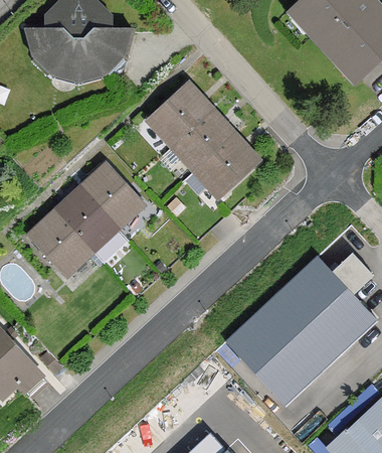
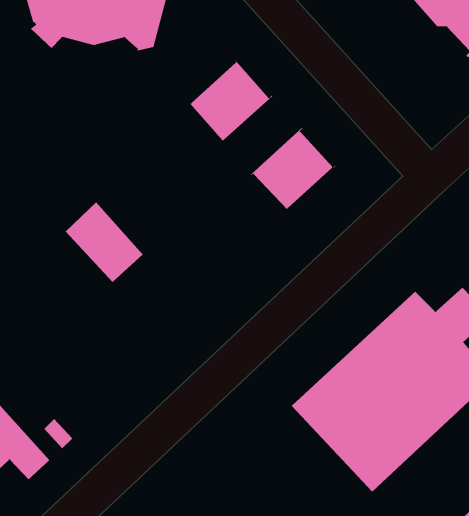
building: [172,111,232,169] -> none
building: [79,164,143,229] -> none
building: [28,211,91,276] -> none

